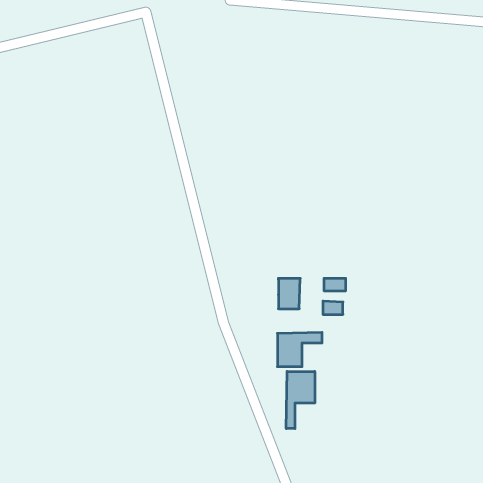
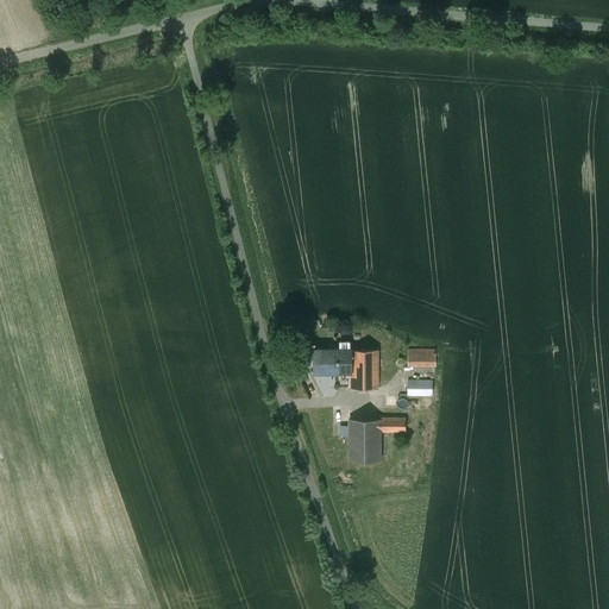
building: none -> [314,350,350,372]
building: [286,371,315,429] -> none

